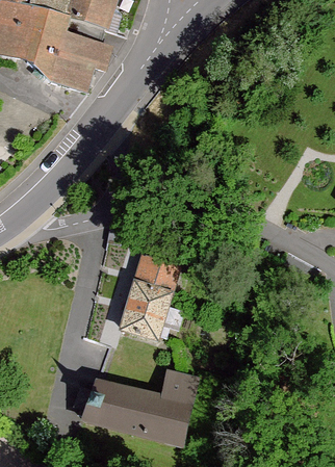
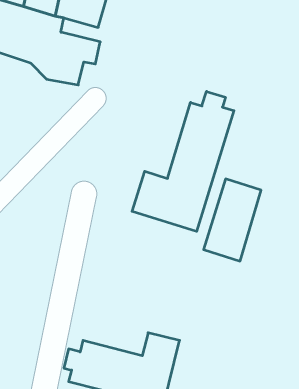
building: none -> [132,91,234,231]
building: [113,253,176,342] -> [204,179,261,261]

